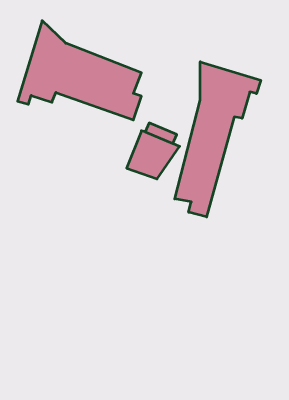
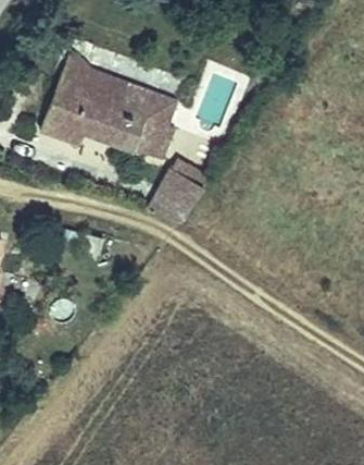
building: [175,62,261,217] -> none

